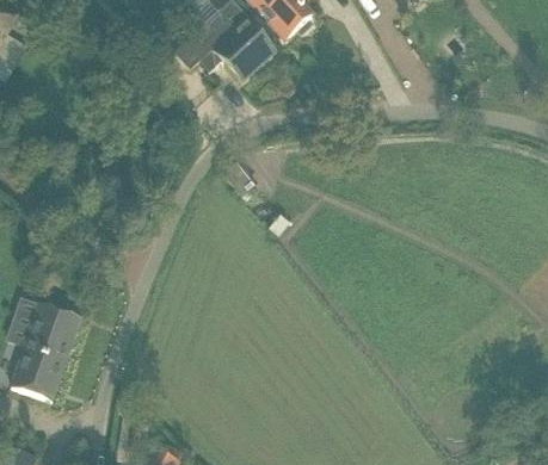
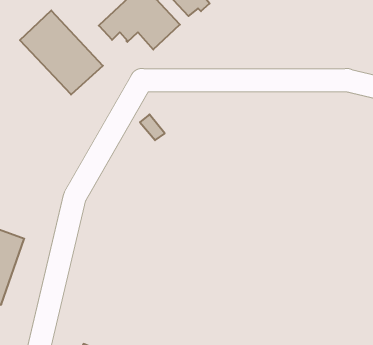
building: none -> [20,10,103,95]

